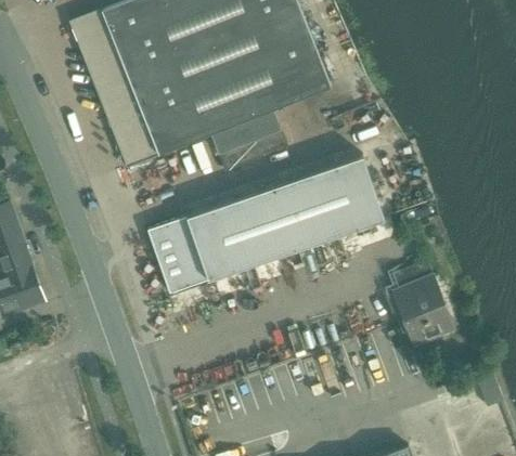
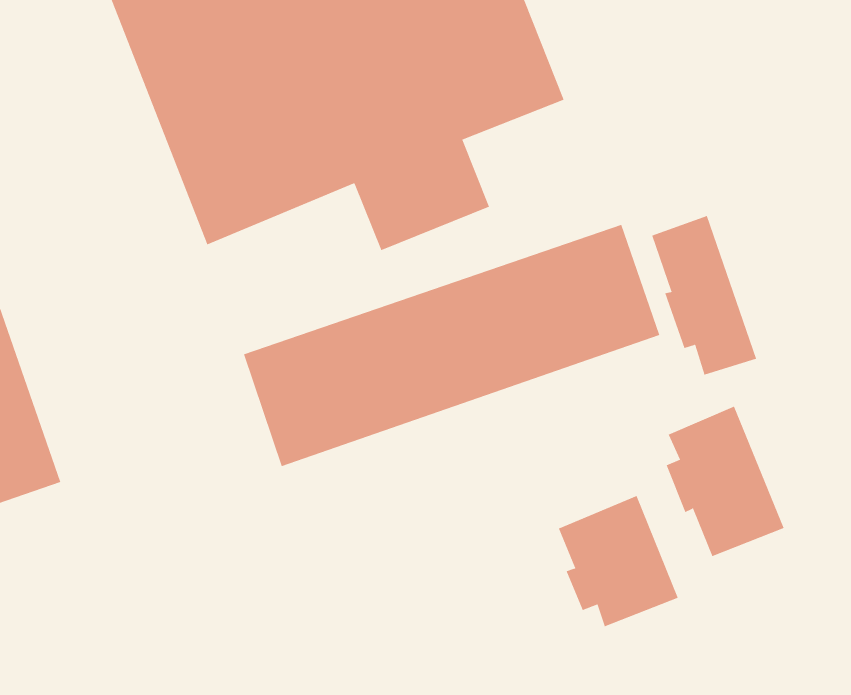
building: none -> [651,215,757,376]
building: none -> [558,495,679,627]

